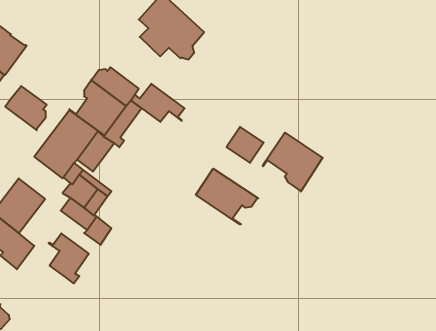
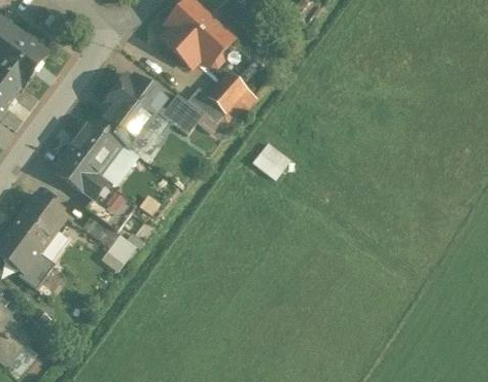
building: none -> [185,70,255,128]
building: [5,86,47,130] -> none
building: [263,133,323,192] -> none
building: [196,169,258,224] -> none
building: [49,233,89,283] -> none

